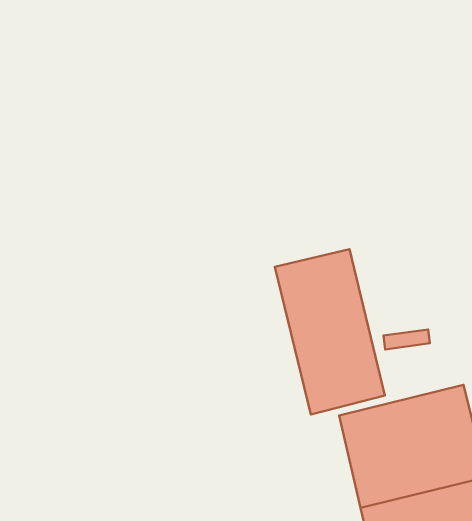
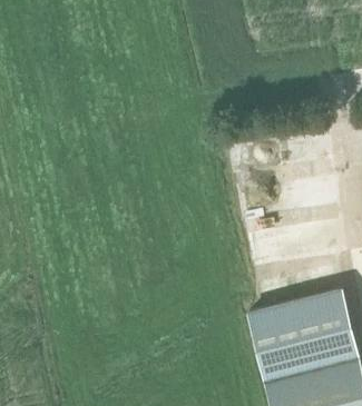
building: [275,249,385,415] -> none

